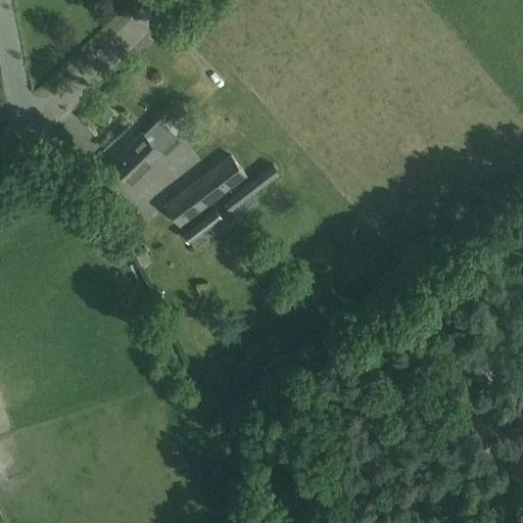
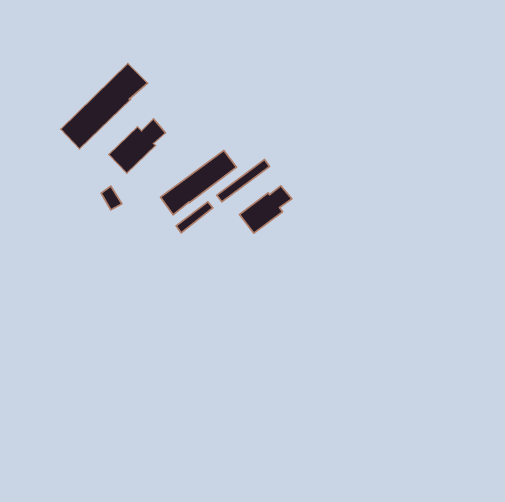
building: none -> [61,63,147,149]
building: none -> [239,186,292,233]

